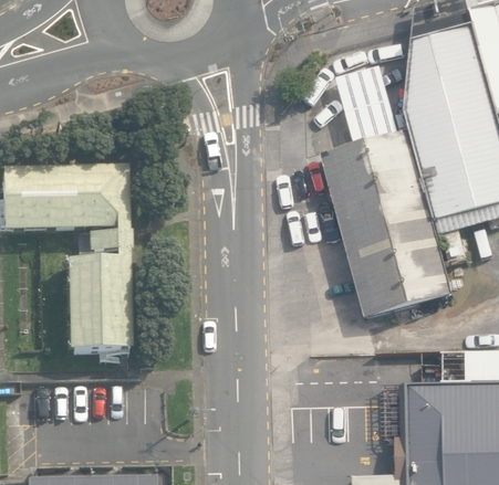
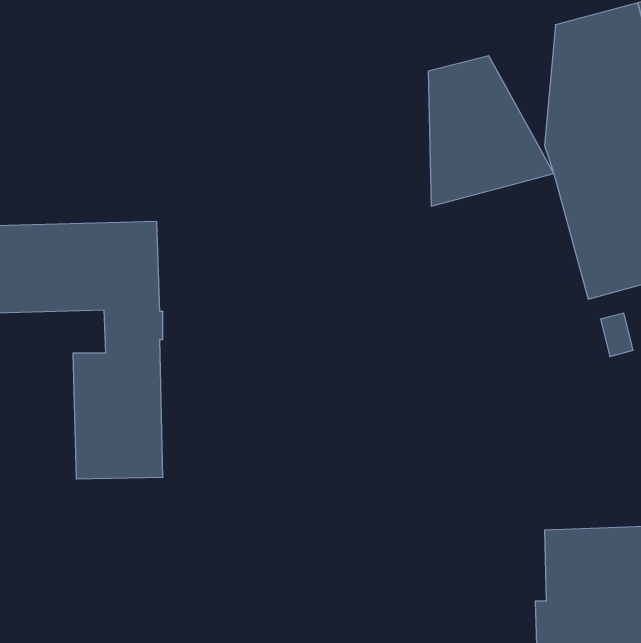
building: [323,135,455,321] -> none

